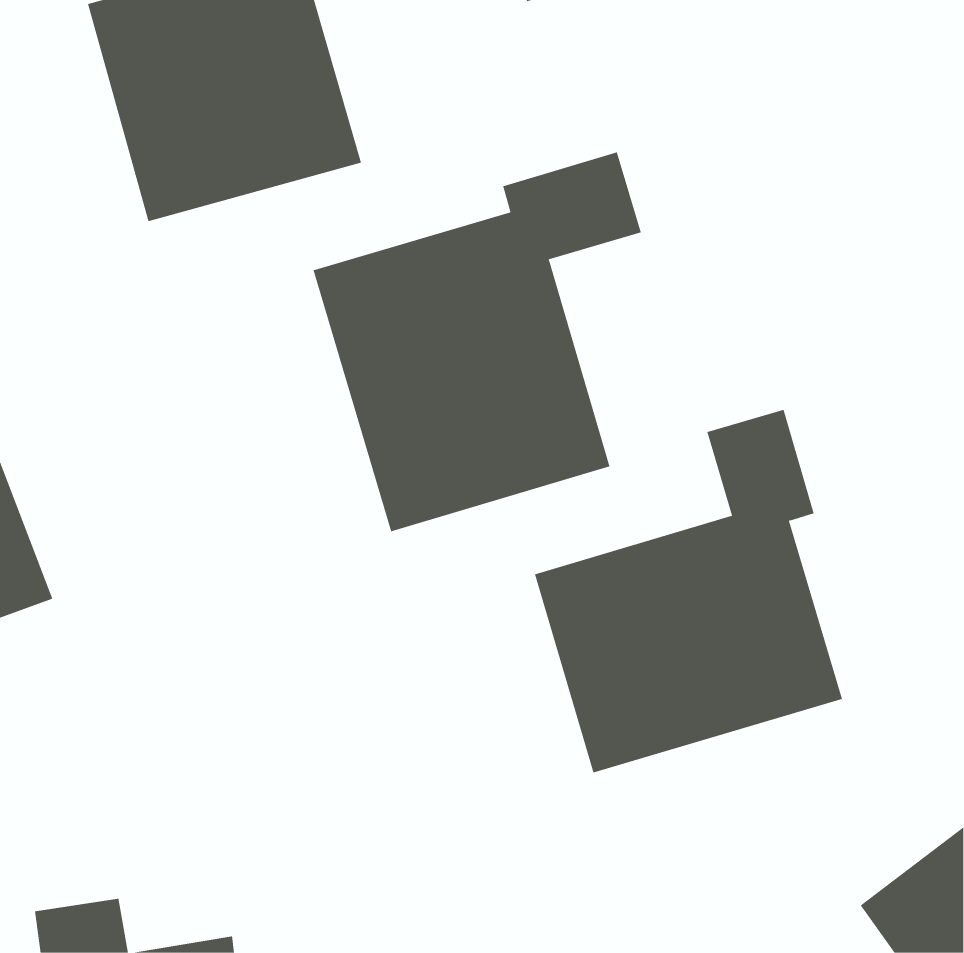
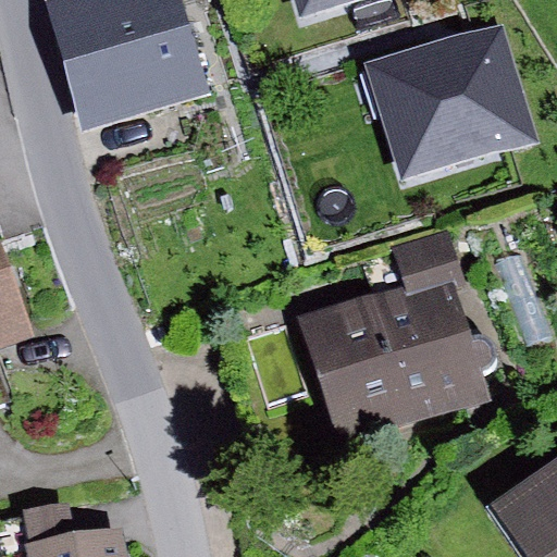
building: none -> [369,23,528,163]
building: [313,151,641,532] -> none

